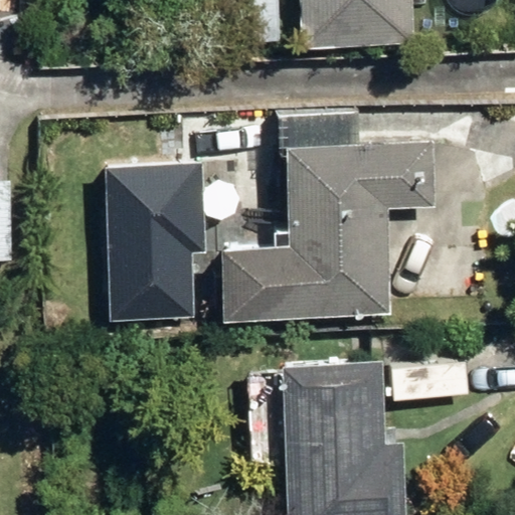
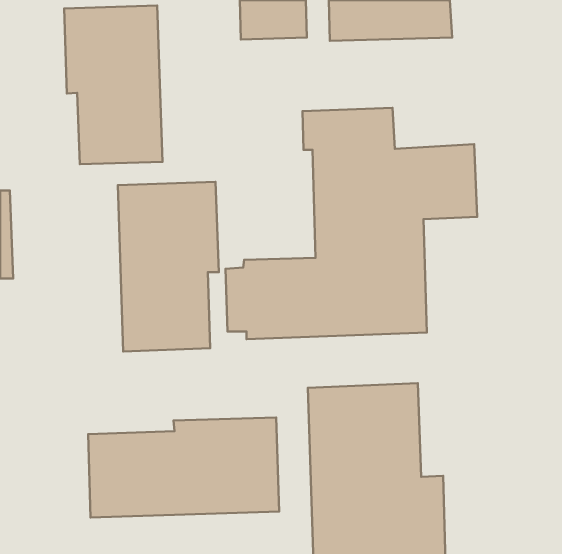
building: none -> [64,5,162,164]
building: none -> [88,417,279,518]

